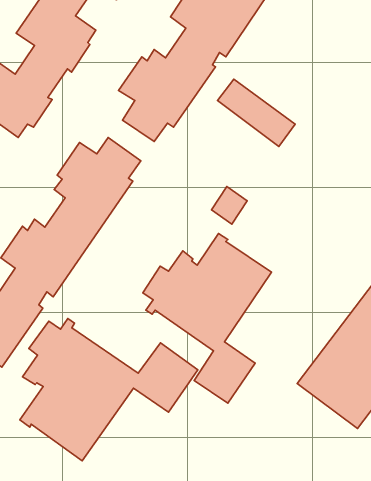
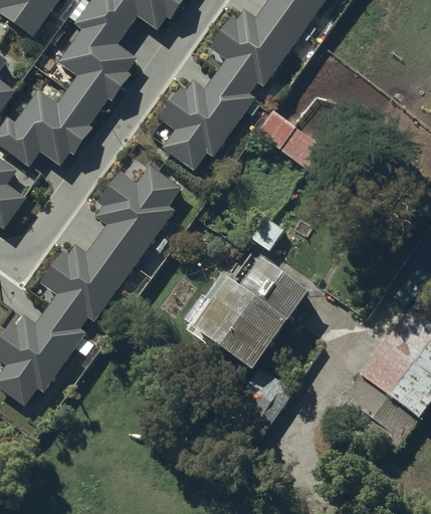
building: [20,318,198,461] -> none

